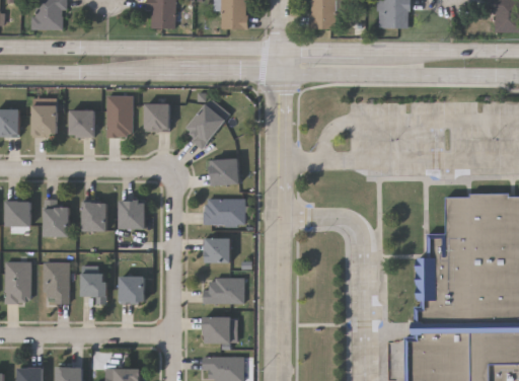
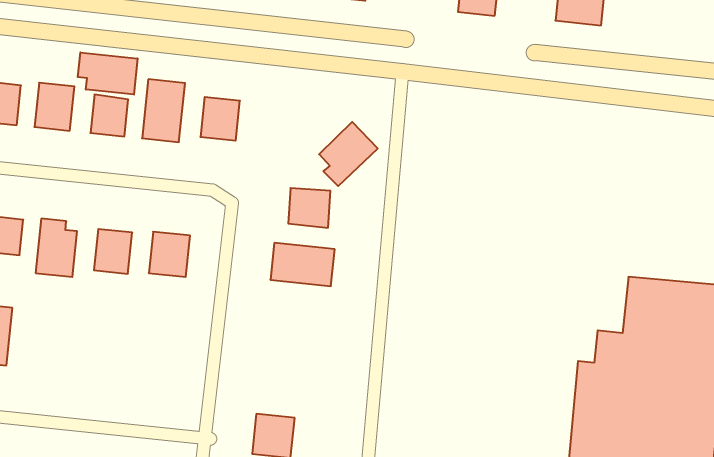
building: none -> [78,52,138,95]
building: [187,104,226,149] -> [319,122,378,186]
building: [206,238,231,262] -> none
building: [44,261,69,303] -> none
building: [82,272,107,303] -> none
building: [121,277,144,302] -> none
building: [204,279,243,303] -> none

